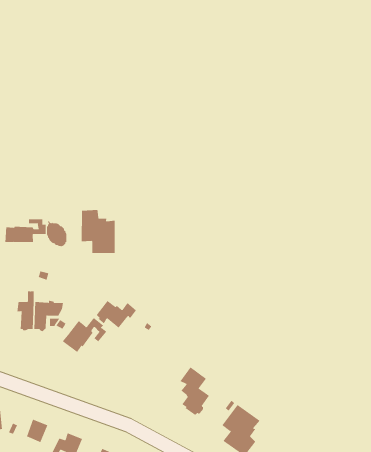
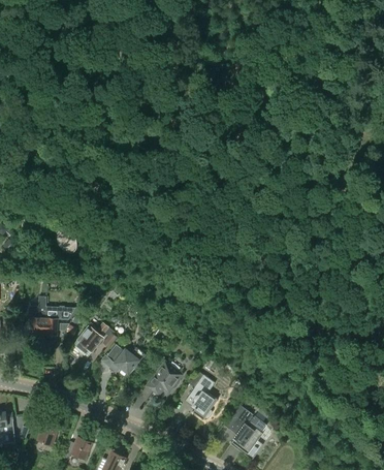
building: [81,209,115,254] -> none
building: [5,218,46,243] -> none
building: [96,300,137,328] -> [105,345,146,373]
building: none -> [147,361,183,396]

